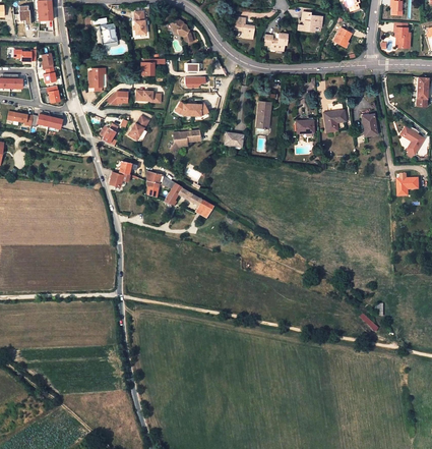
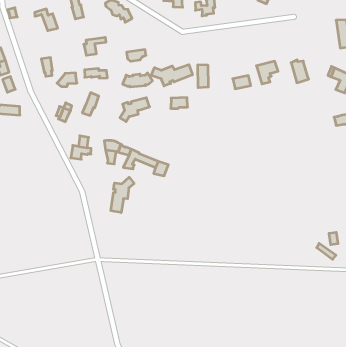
building: none -> [151,65,192,86]
building: none -> [111,177,134,213]

